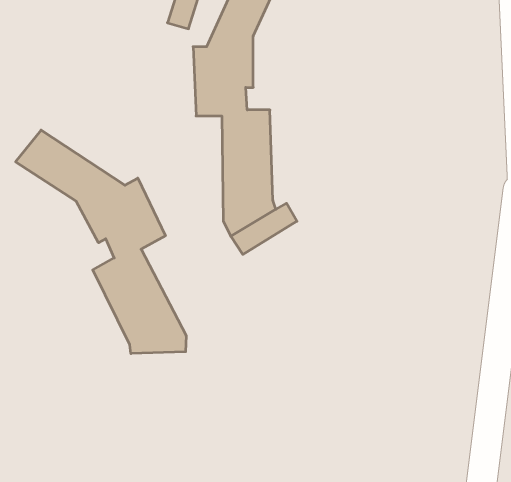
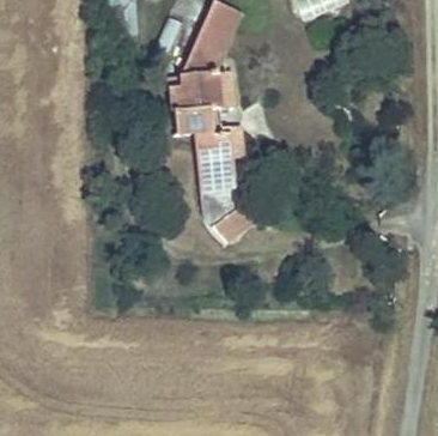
building: [16,130,186,354] -> none

